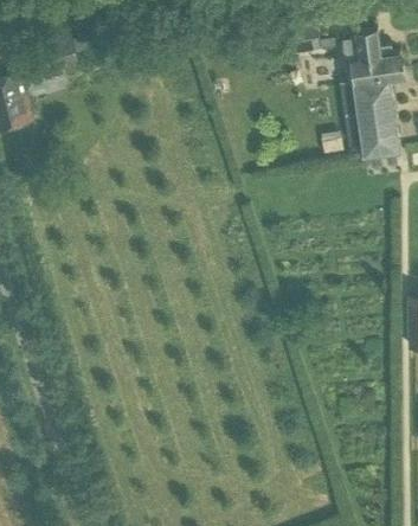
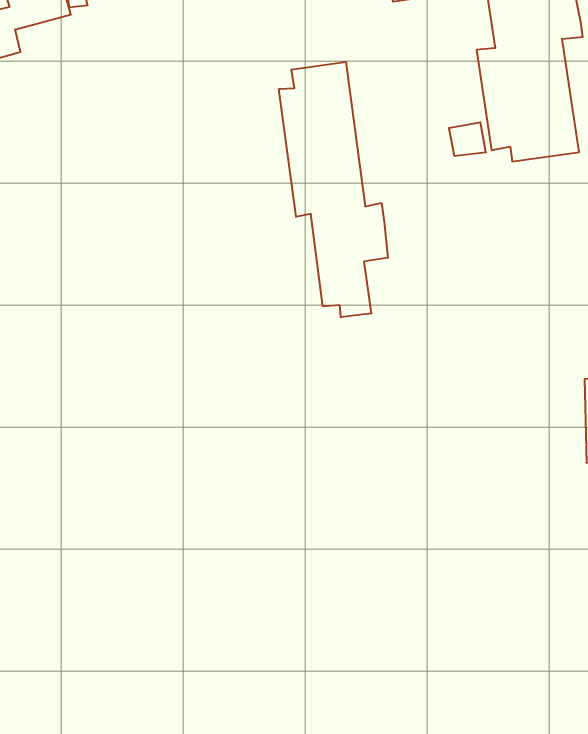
building: none -> [279,62,388,317]

